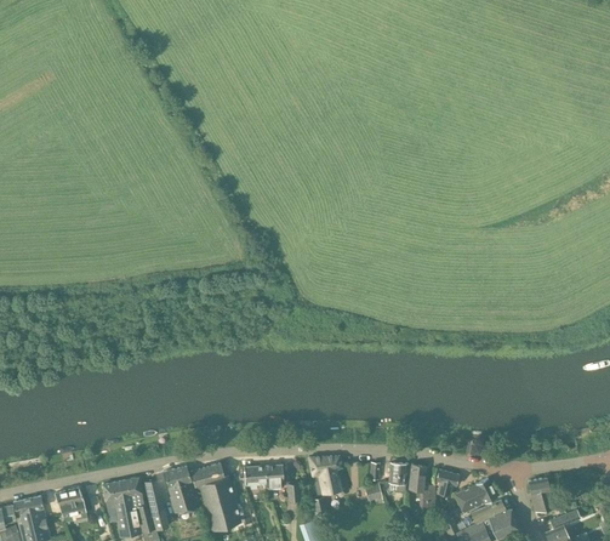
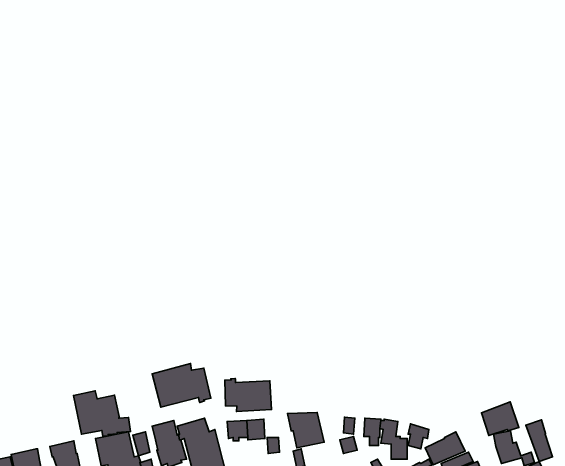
building: none -> [152,364,211,407]
building: none -> [225,378,272,412]
building: none -> [73,391,130,436]
building: none -> [481,402,519,436]
building: none -> [526,420,553,461]

